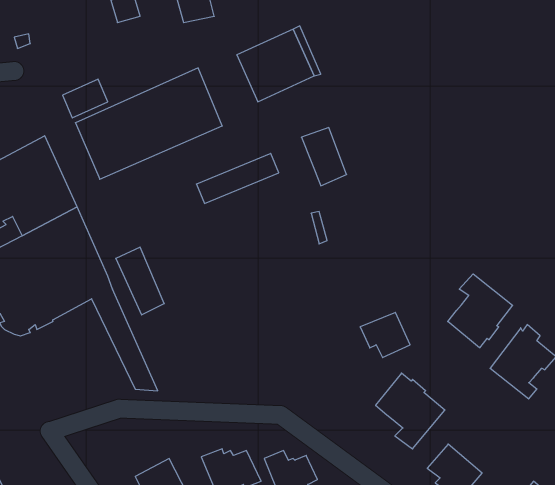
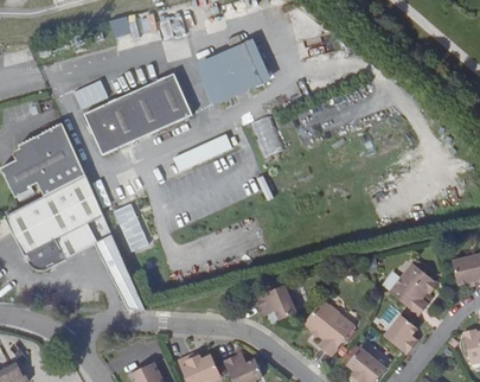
building: [448,274,513,348] -> none
building: [360,312,410,358] -> [261,284,297,317]
building: none -> [383,313,421,355]

